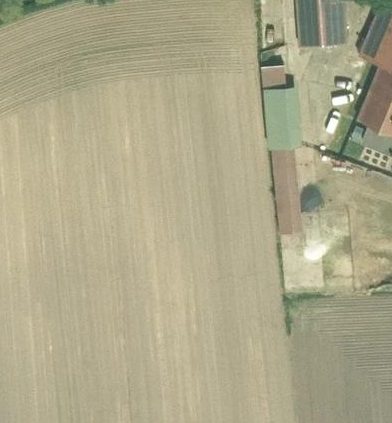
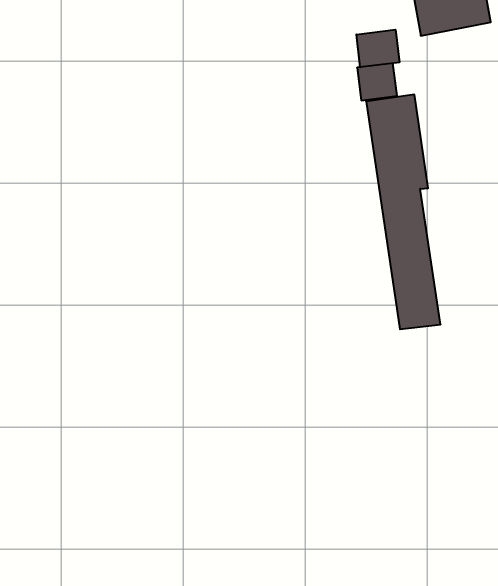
building: none -> [356,30,399,67]

